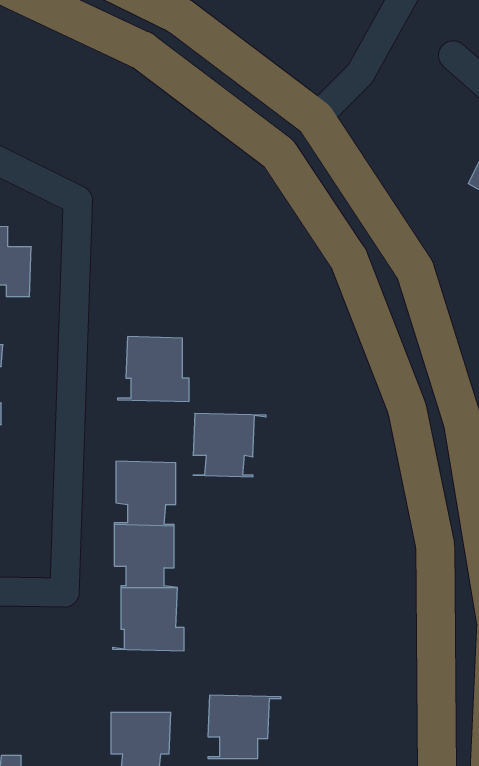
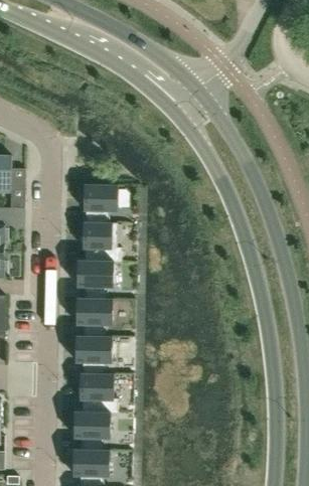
building: none -> [84,184,118,223]
building: [193,414,266,477] -> [76,261,121,299]
building: [208,695,281,758] -> [73,412,118,450]

